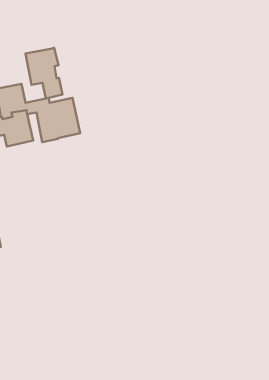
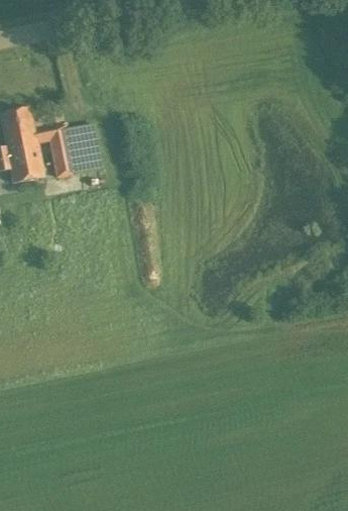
building: [26,48,63,98] -> none

